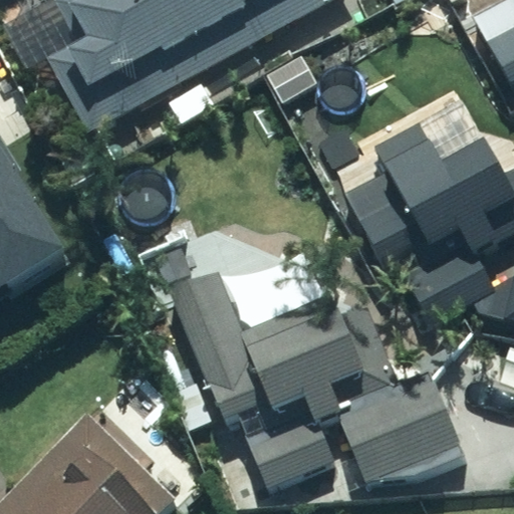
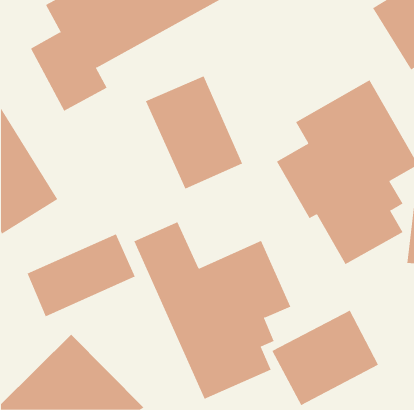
building: none -> [145,75,243,190]
building: none -> [27,233,135,317]

